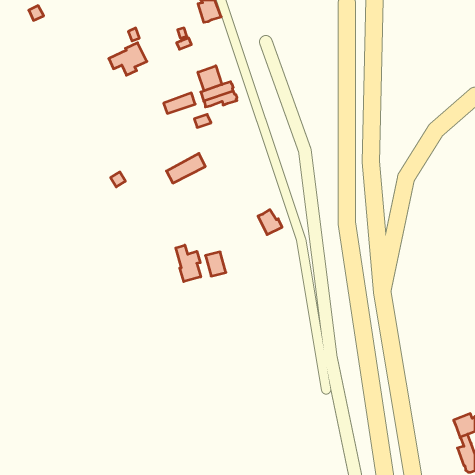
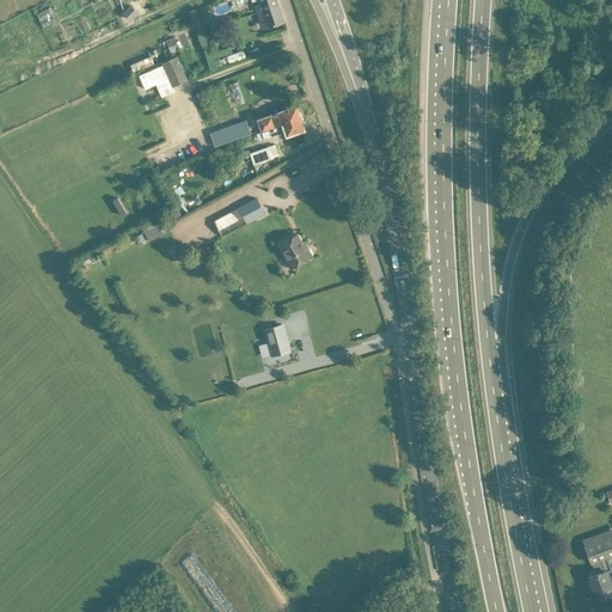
building: [198,66,222,91] -> none
building: [258,210,282,235] -> [281,234,312,267]
building: [176,245,201,282] -> none

